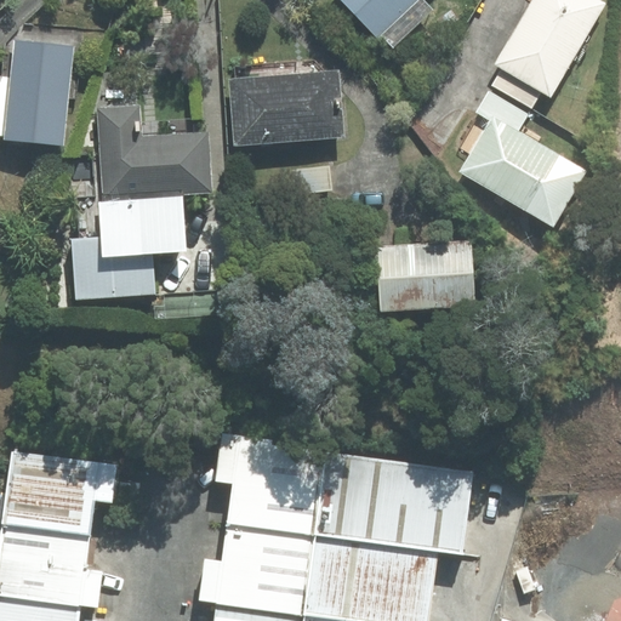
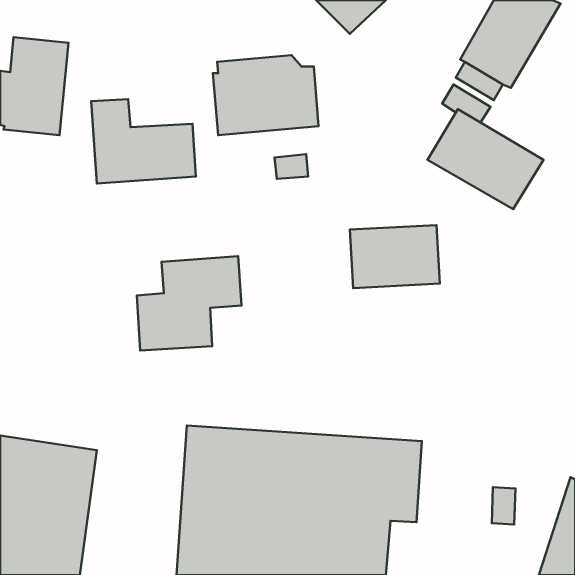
building: [73,196,186,298] -> [137,256,242,351]

